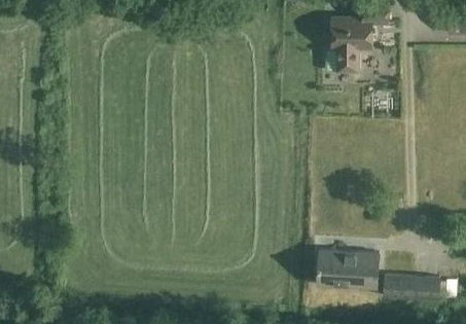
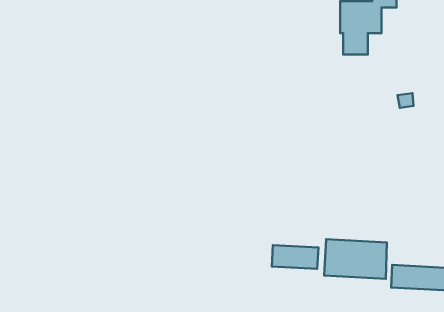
building: none -> [272,245,318,269]

